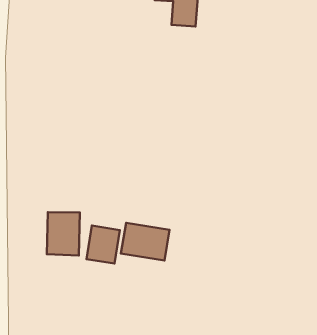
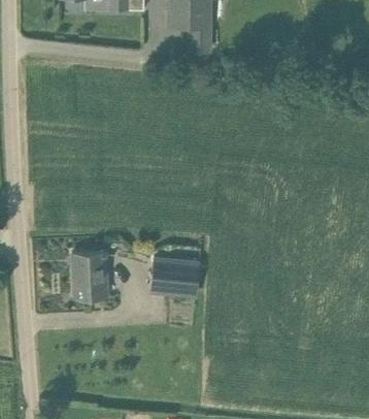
building: [87,226,120,263] -> none

